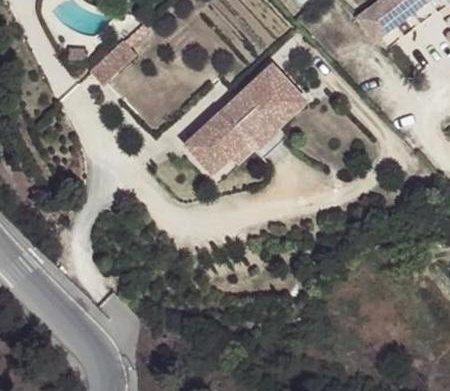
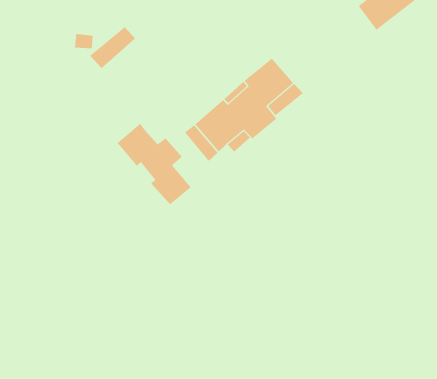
building: none -> [117,123,192,205]

